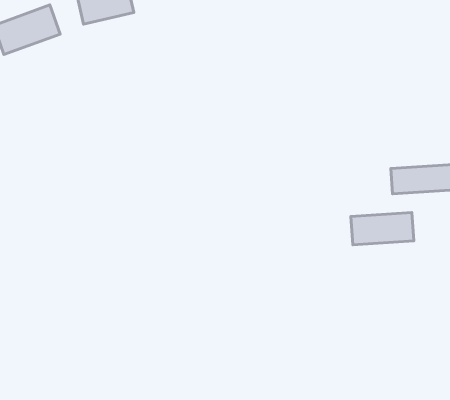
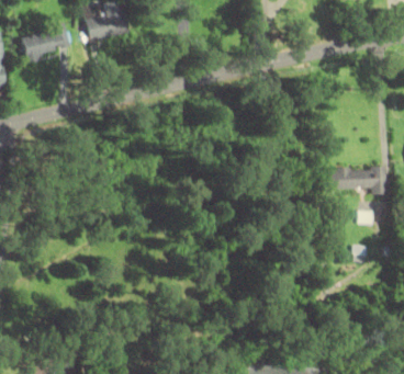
building: [351,213,414,245] -> none

